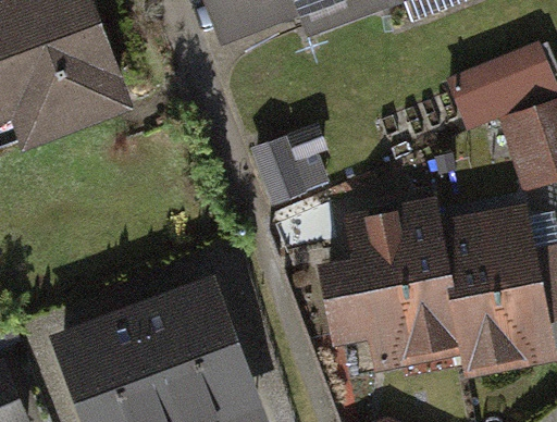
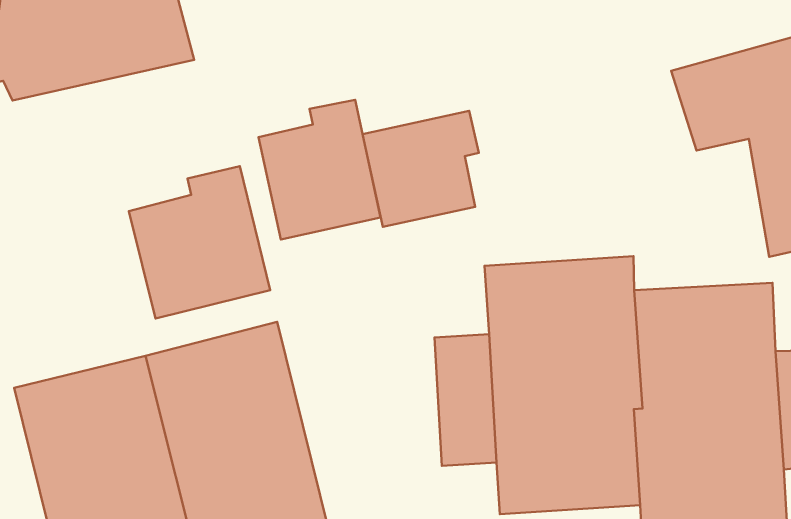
building: none -> [259,100,381,239]
building: none -> [129,166,270,319]

